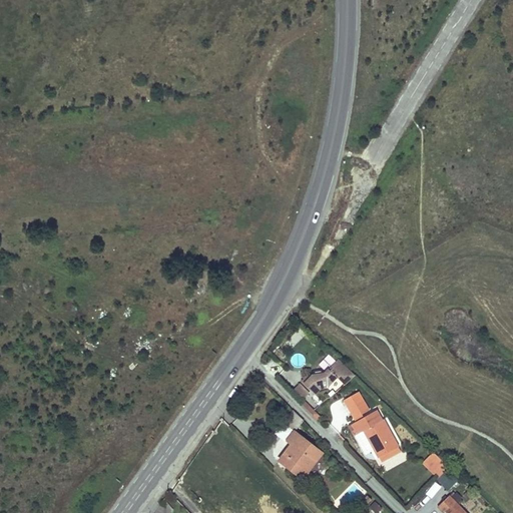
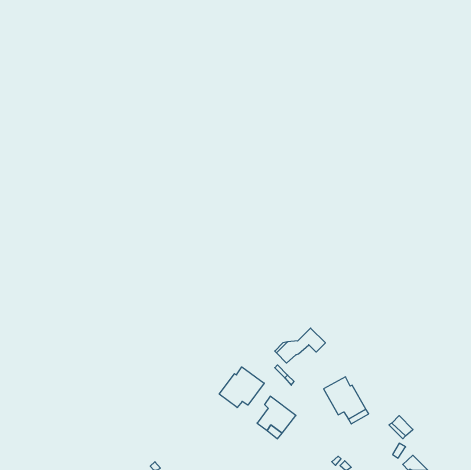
building: [344,391,369,418] -> none
building: none -> [219,367,264,408]

